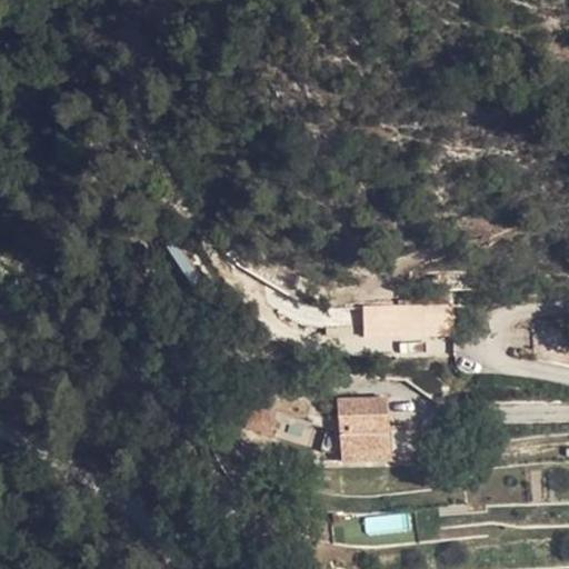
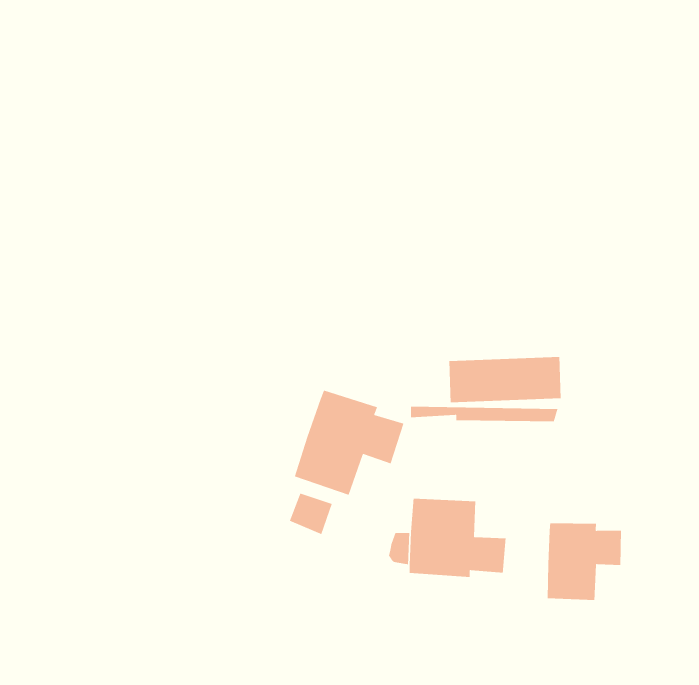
building: none -> [294,390,404,496]
building: none -> [547,523,622,601]

